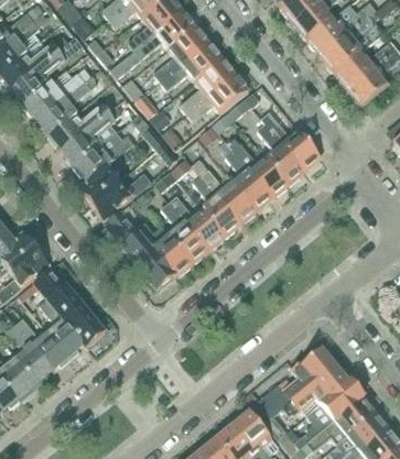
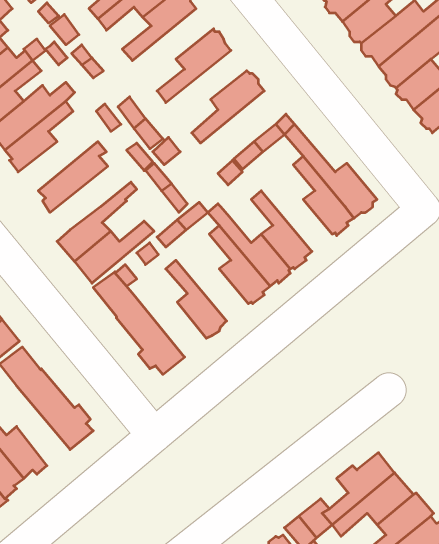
building: [110,11,196,79] -> none
building: [160,43,221,90] -> none
building: [186,74,248,122] -> none
building: [47,105,108,150] -> none
building: [72,131,133,179] -> none
building: [228,138,288,196] -> none
building: [167,196,223,249] -> none
building: [136,222,191,276] -> none
building: [39,298,87,359] -> none

